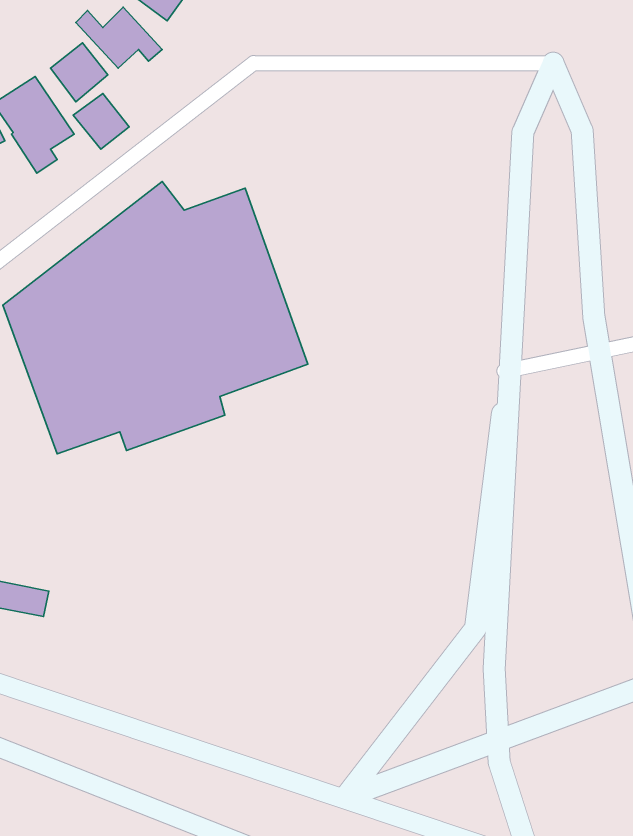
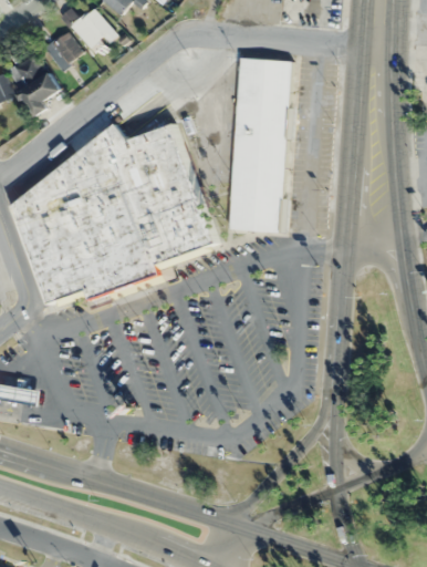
building: none -> [227,55,300,236]
building: [73,93,129,149] -> none

